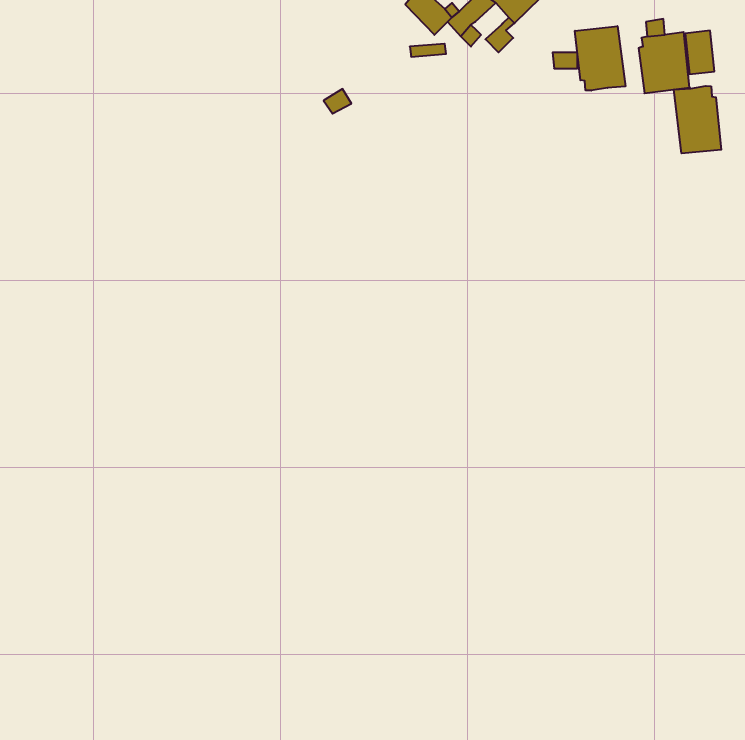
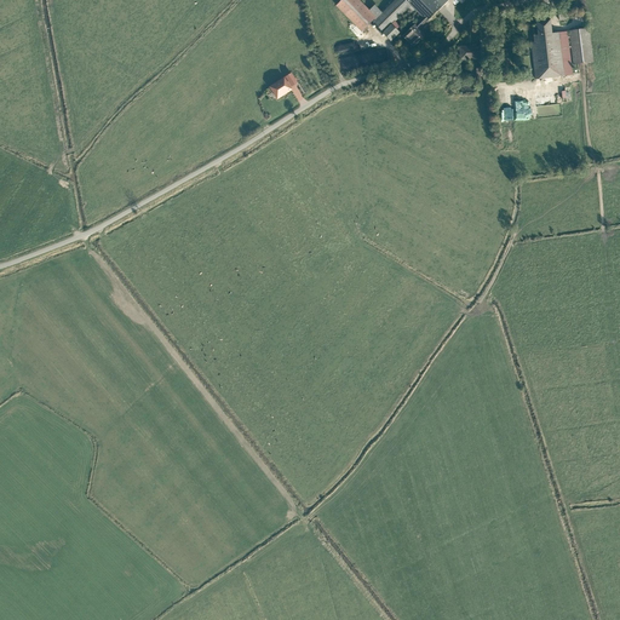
building: [575,26,625,91] -> none
building: [674,86,721,153] -> none

